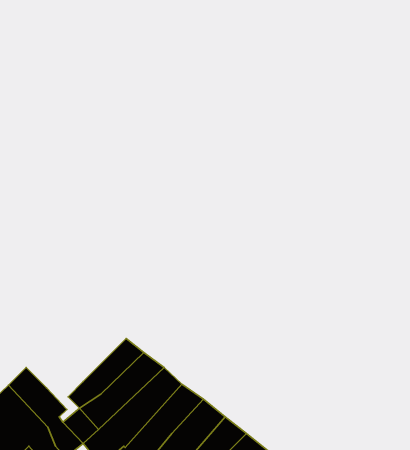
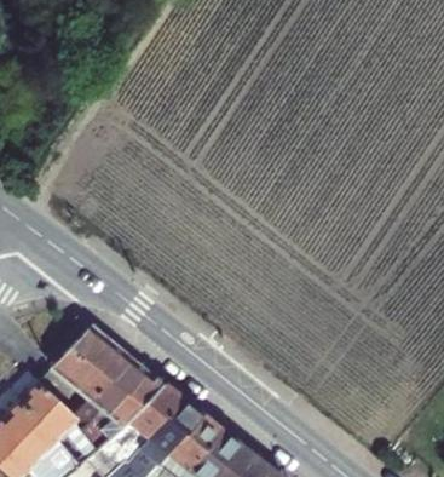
building: none -> [34,327,129,406]

